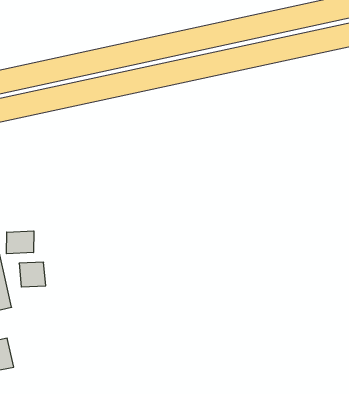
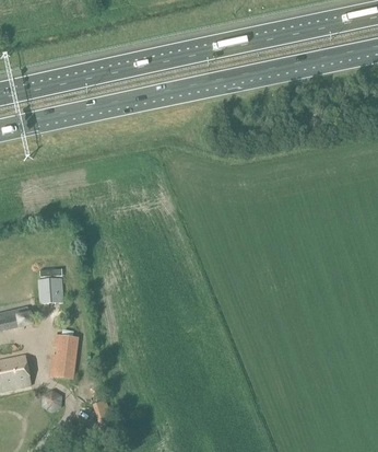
building: [6,231,34,254] -> none
building: none -> [54,335,78,379]

